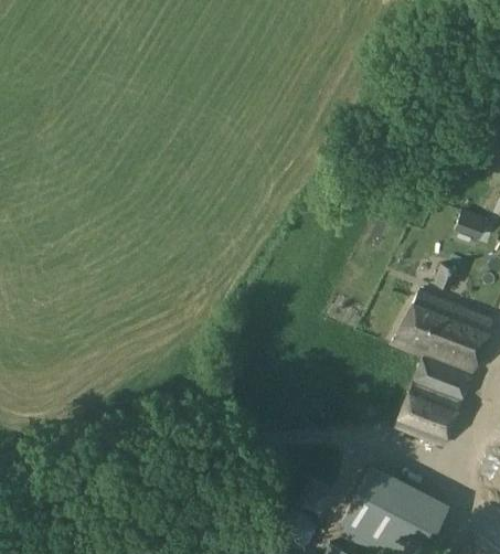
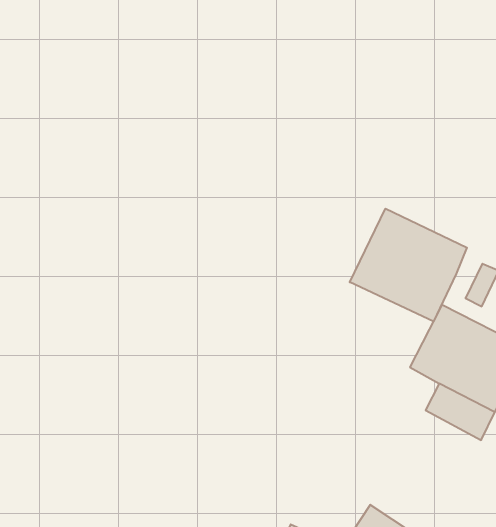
building: none -> [350,209,467,322]
building: [394,383,460,448] -> none

